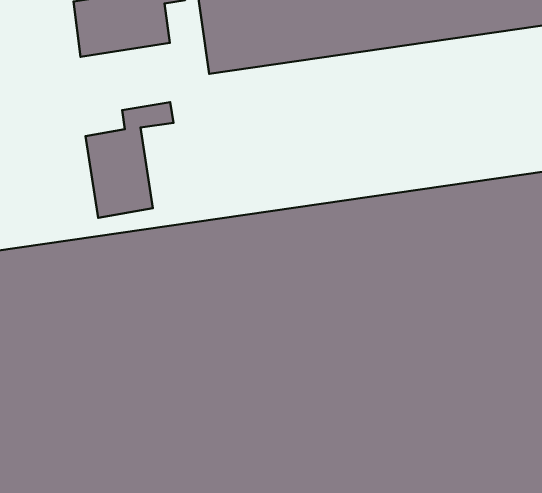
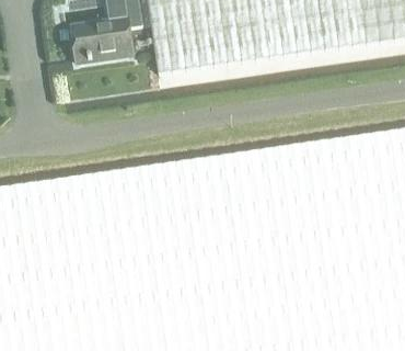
building: [85,102,173,218] -> none

